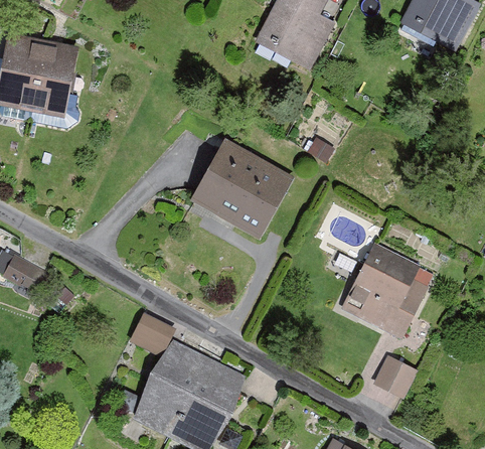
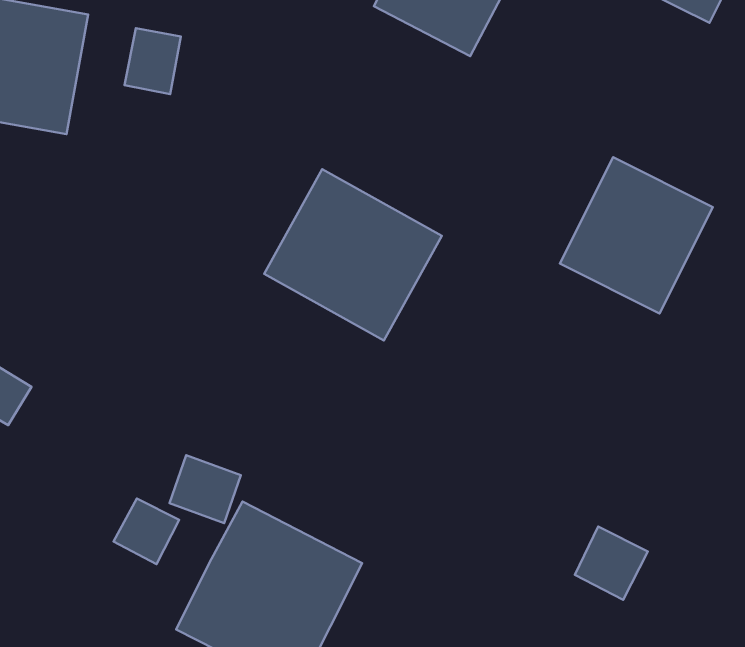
building: none -> [124,28,181,94]
building: [341,244,434,338] -> [560,157,713,313]
building: none -> [114,498,179,564]

